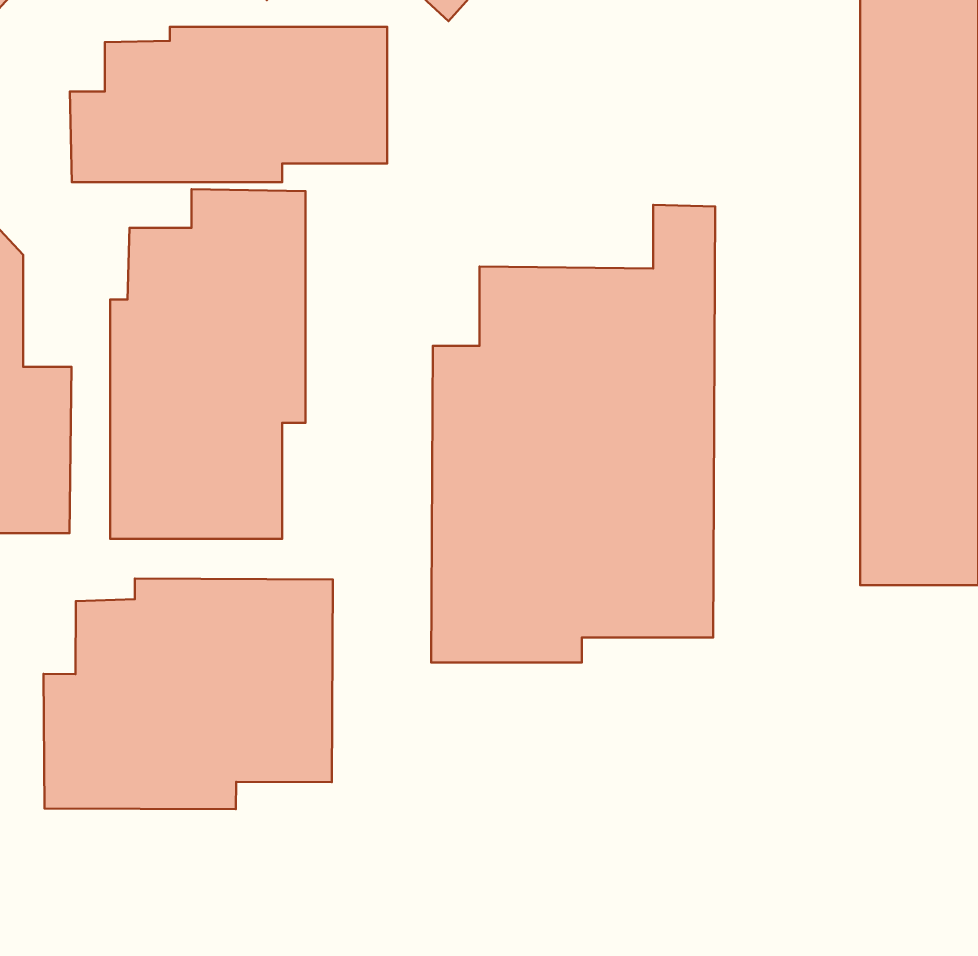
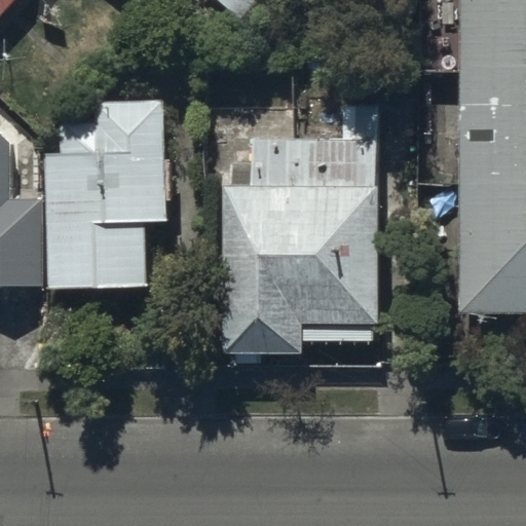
building: [70,27,387,182] -> none
building: [43,579,333,809] -> none

